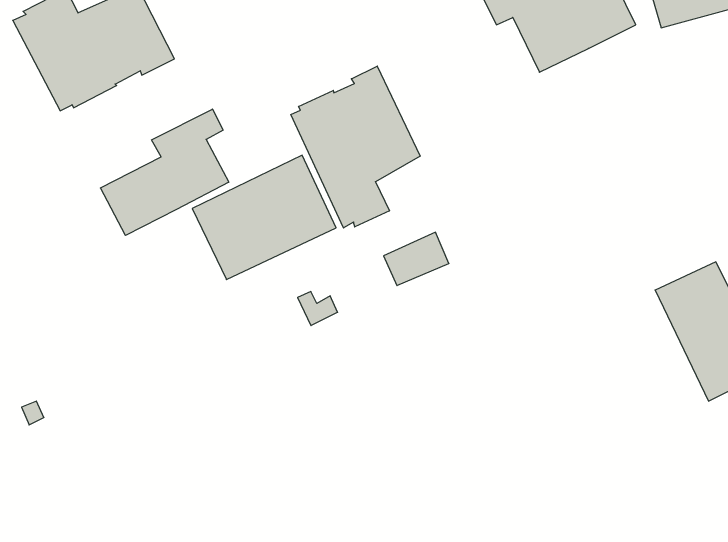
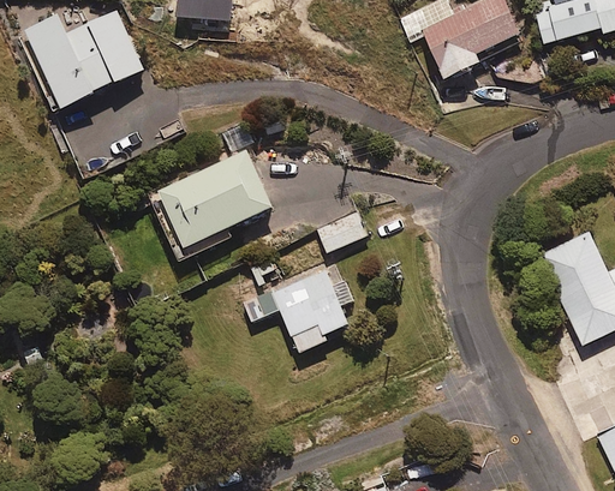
building: [291,66,420,228] -> none
building: [100,109,229,235] -> none
building: none -> [244,269,354,352]

